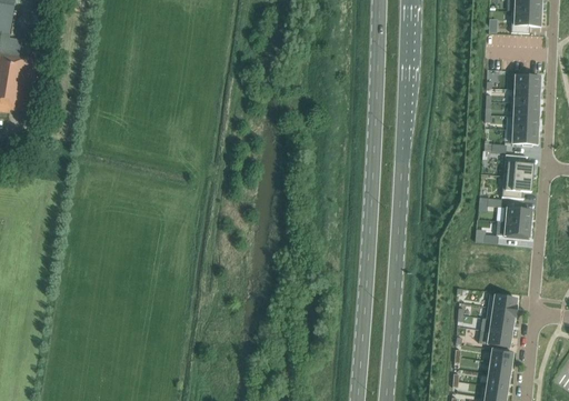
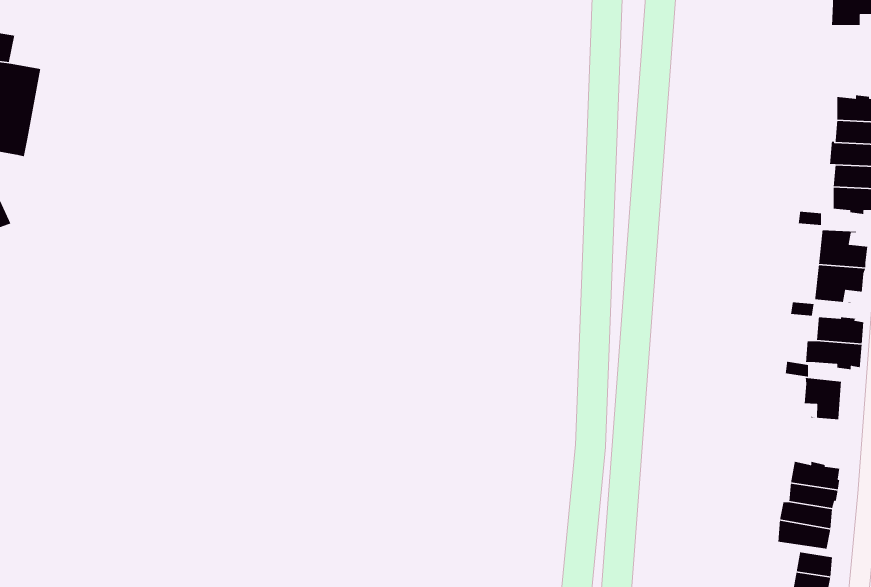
building: none -> [804,377,842,420]

